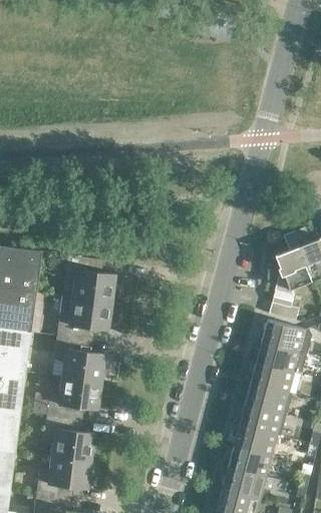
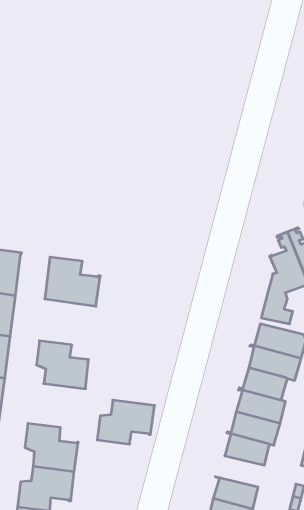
building: [56,296,110,340] -> none
building: [45,377,100,419] -> [97,400,155,444]
building: [225,446,272,476] -> none

